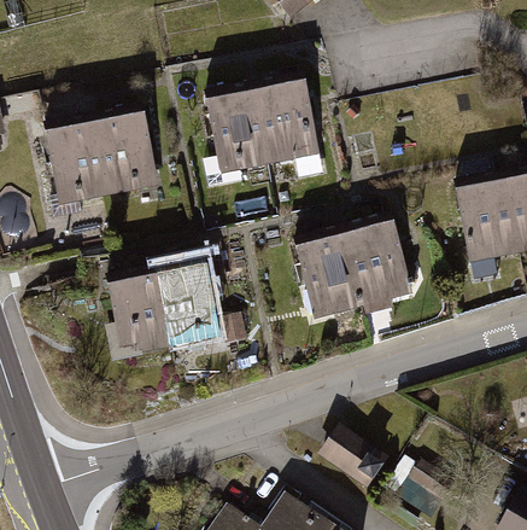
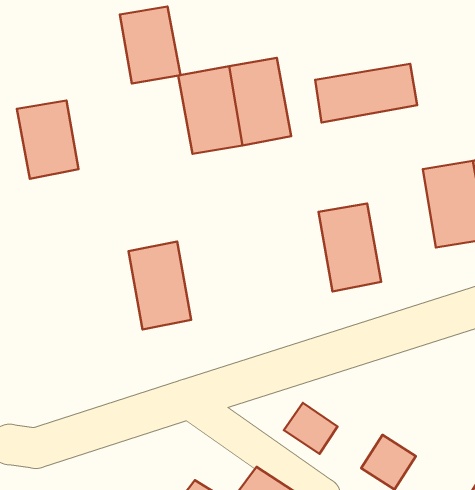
building: none -> [315,64,417,123]
building: [93,110,154,188] -> [120,6,180,83]
building: [298,232,363,321] -> none
building: [105,272,170,360] -> none

